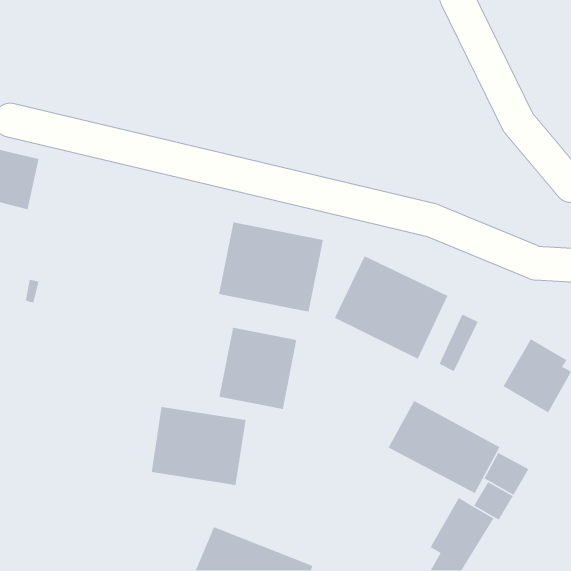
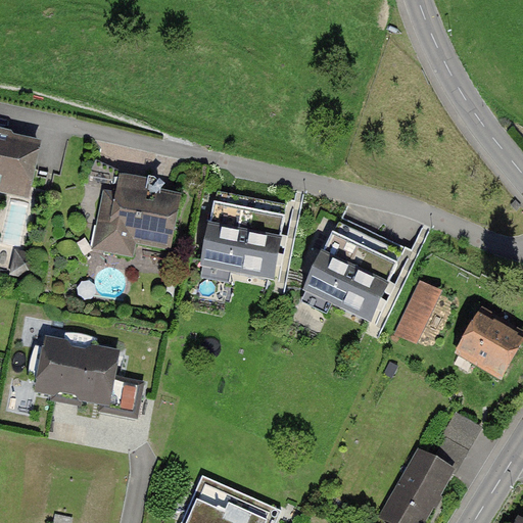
building: none -> [69,161,177,253]
building: [219,327,297,410] -> none
building: [388,400,501,494] -> none
building: [151,406,246,486] -> [34,337,121,410]

